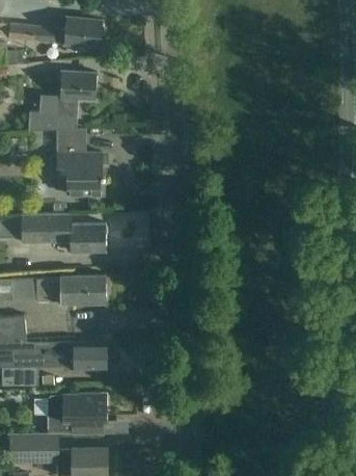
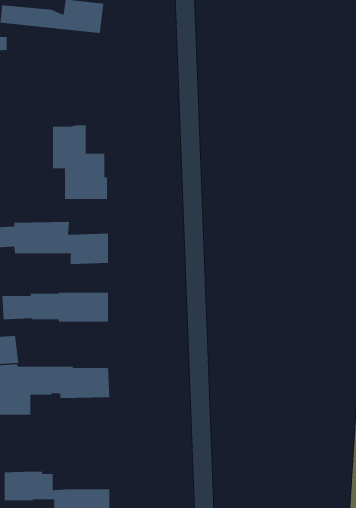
building: [29,71,97,130] -> none
building: [35,393,107,437] -> none

